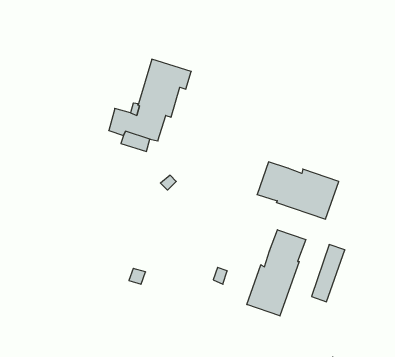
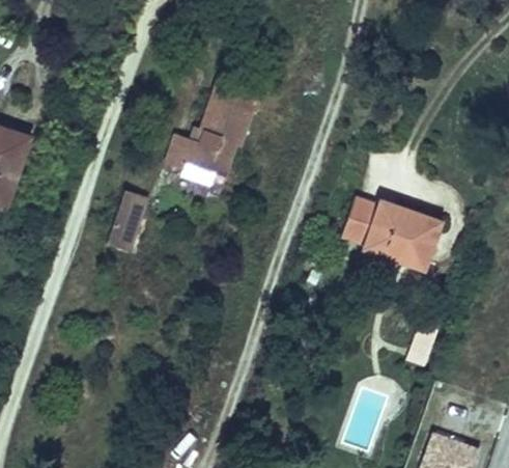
building: none -> [107,193,147,250]
building: [247,230,306,316] -> none

